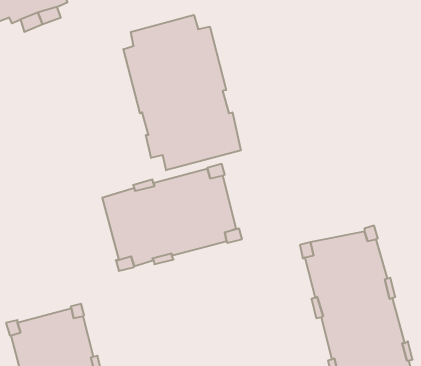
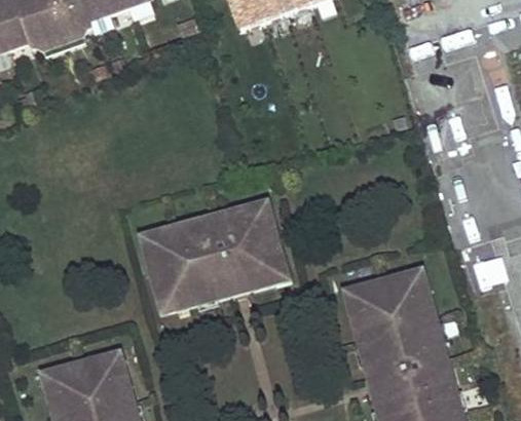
building: [123,15,241,170] -> none

